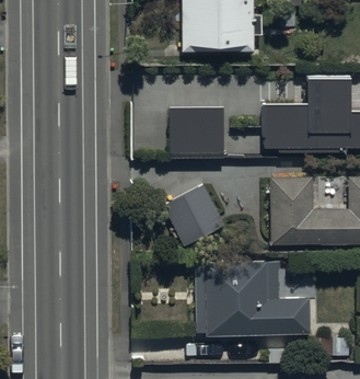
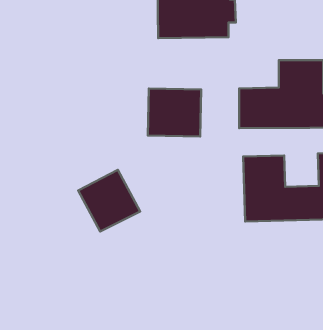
building: [160,182,224,246] -> [78,170,140,232]
building: [196,261,311,334] -> none

